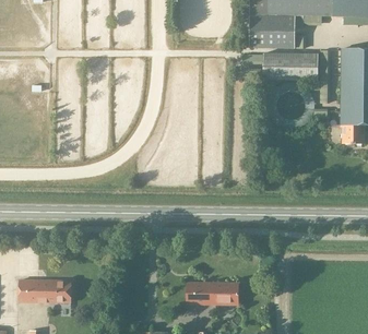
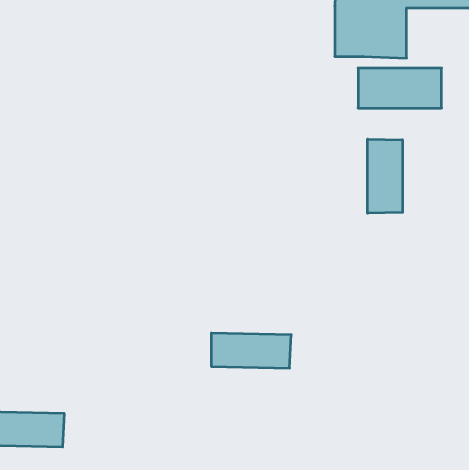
building: none -> [368,139,403,213]
building: [187,282,239,305] -> [211,333,291,368]

